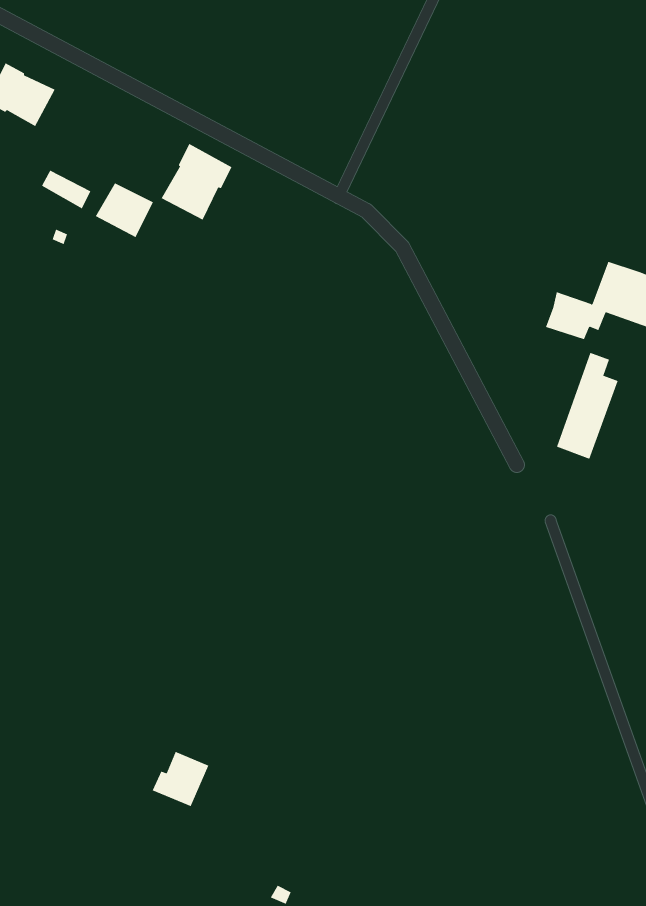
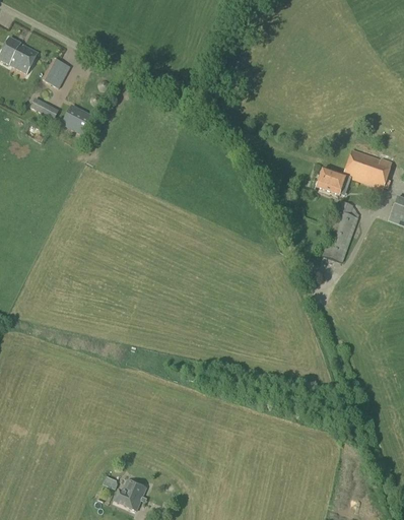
building: none -> [43,59,71,87]
building: [161,143,232,221] -> none
building: [152,751,209,807] -> [115,477,147,509]

